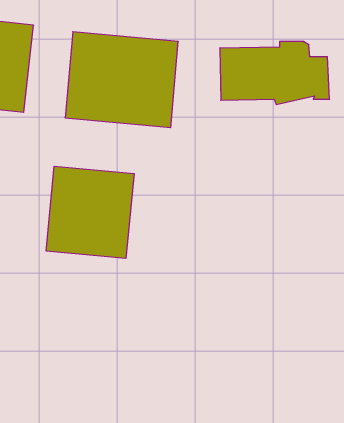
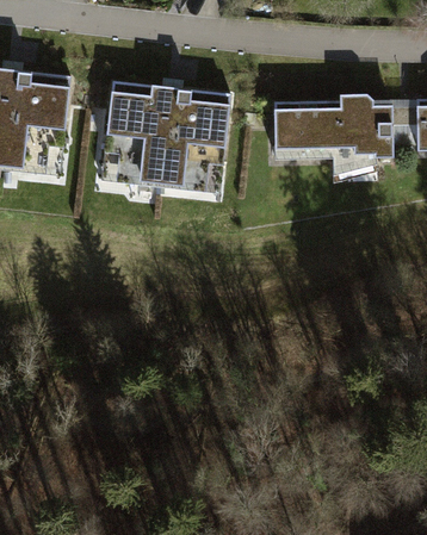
building: [46,166,134,258] -> none

